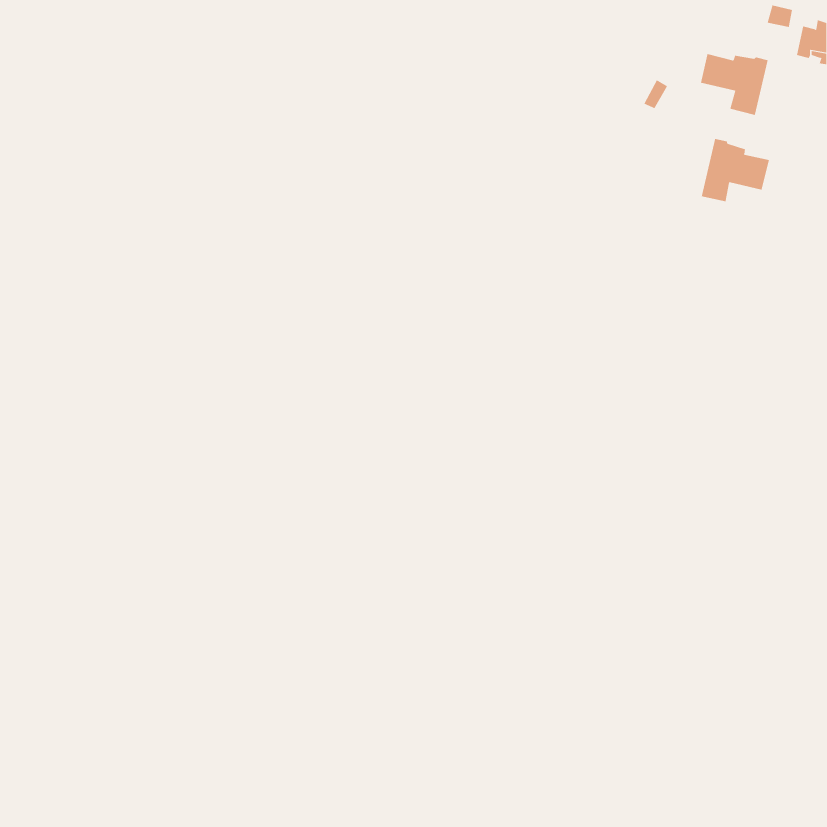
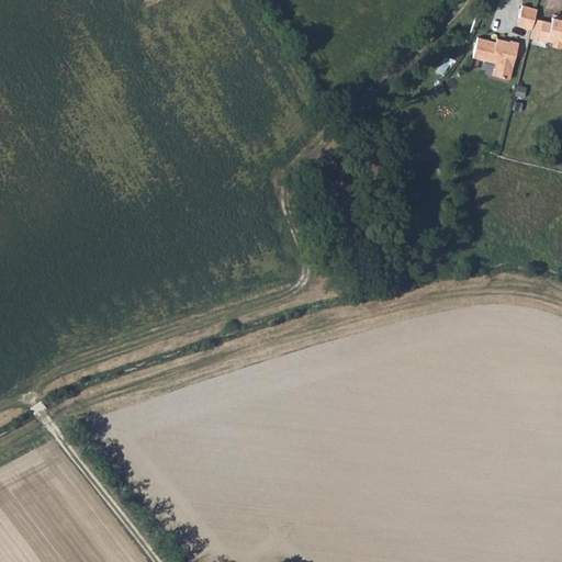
building: [701,138,770,202] -> none

